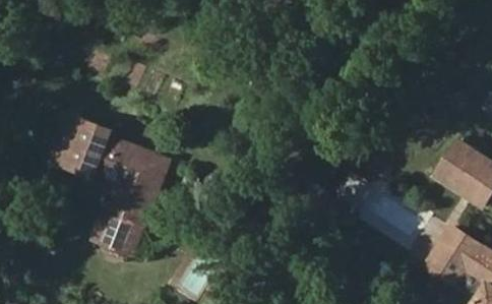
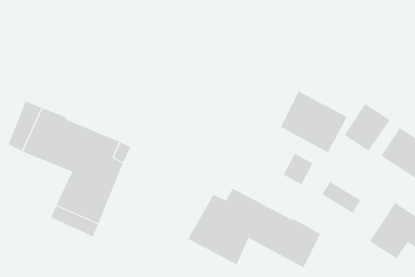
building: none -> [280,91,347,153]
building: none -> [344,103,391,151]
building: none -> [187,188,321,268]

